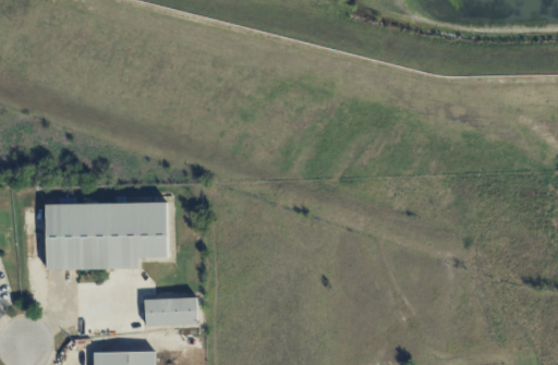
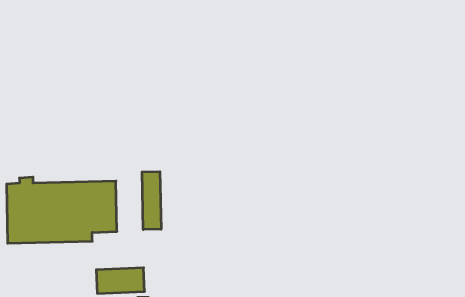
building: none -> [142,172,161,230]

